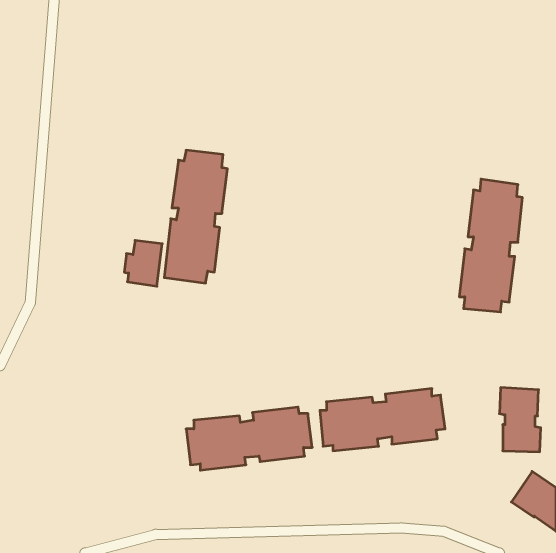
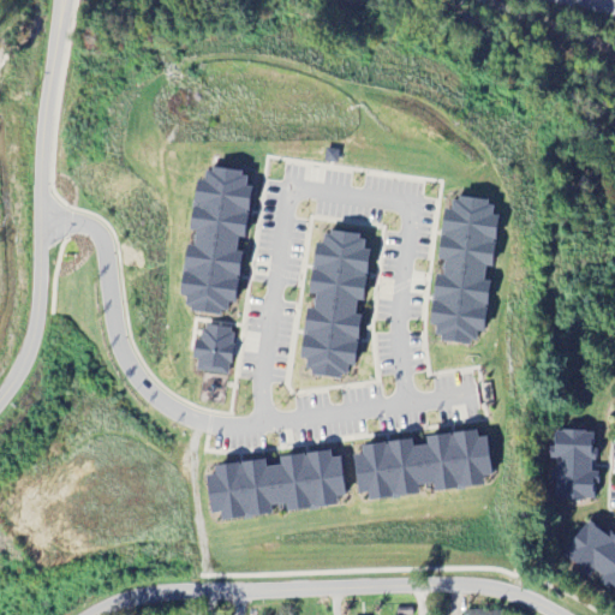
building: [459,179,522,312] -> [430,195,500,341]
building: none -> [300,229,370,376]
building: [124,240,162,286] -> [192,323,234,374]

